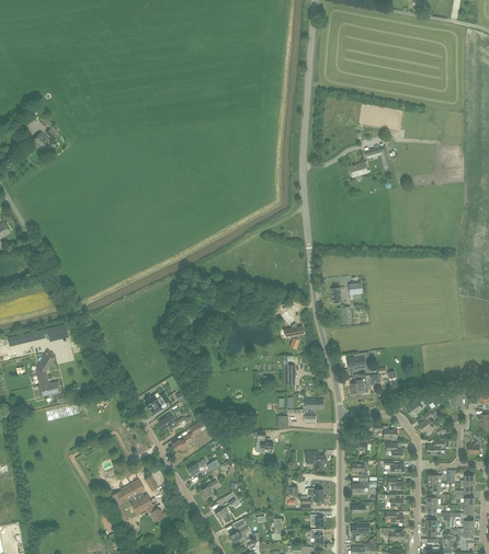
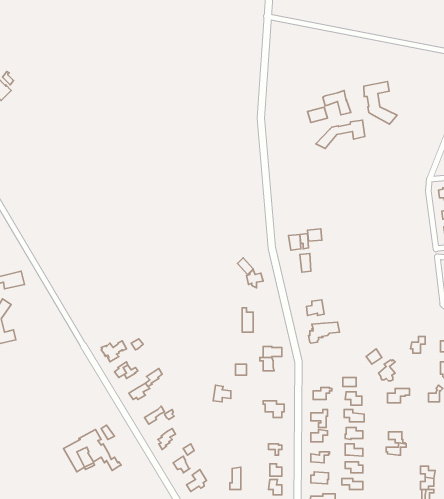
building: none -> [364,81,397,124]
building: none -> [316,120,365,148]

